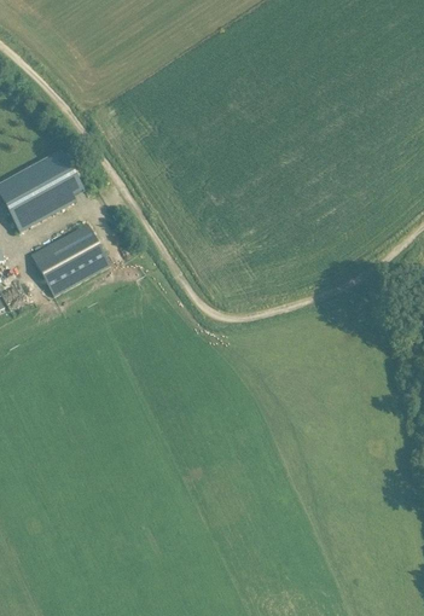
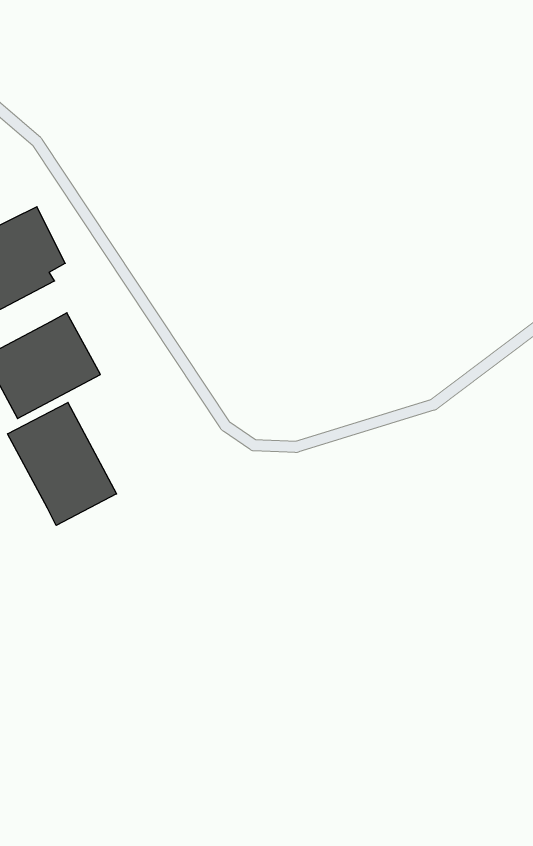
building: none -> [8,402,117,525]

